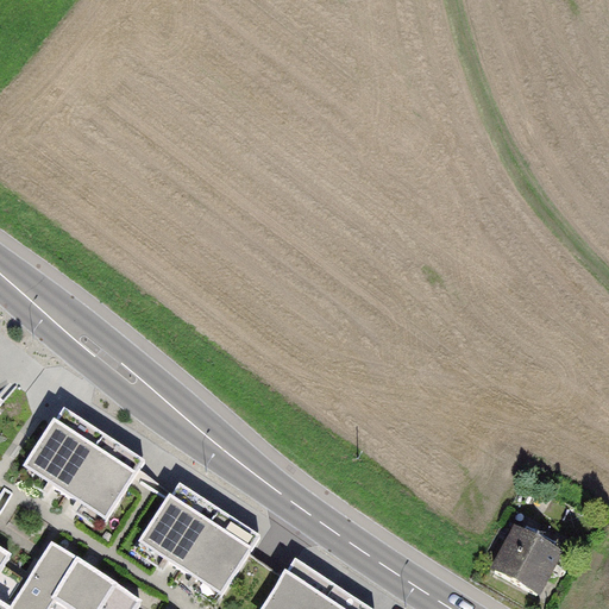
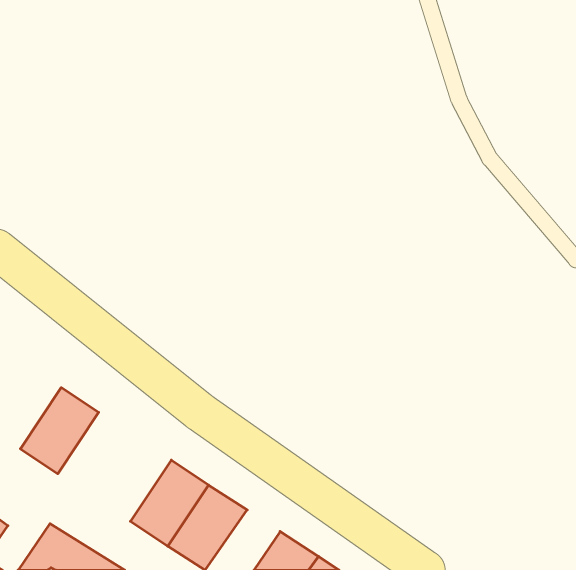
building: [61,433,143,523] -> none
building: [492,526,557,588] -> none

